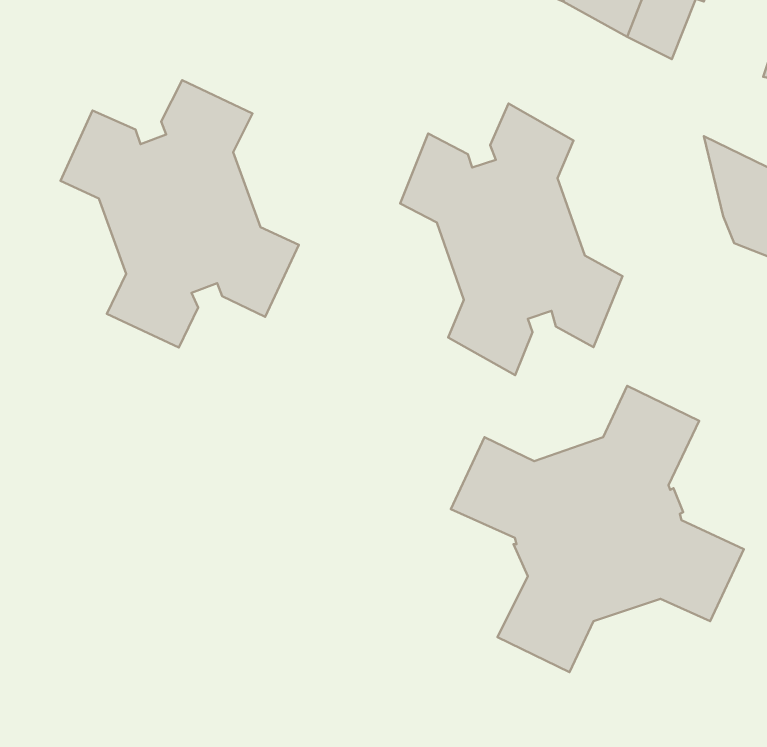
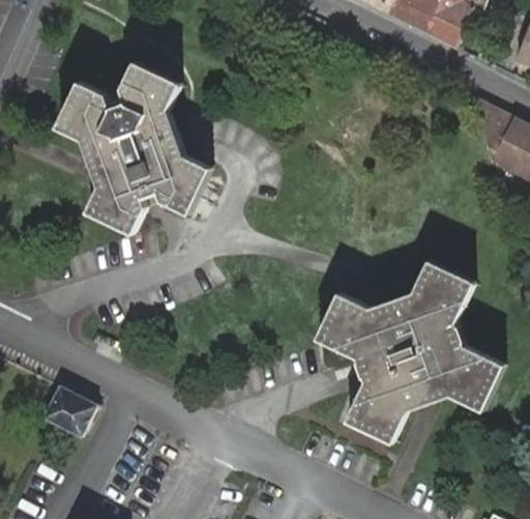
building: [400,103,622,375] -> none
building: none -> [46,388,96,436]

